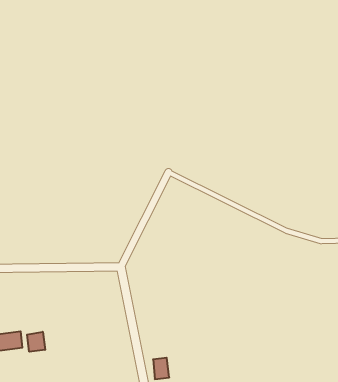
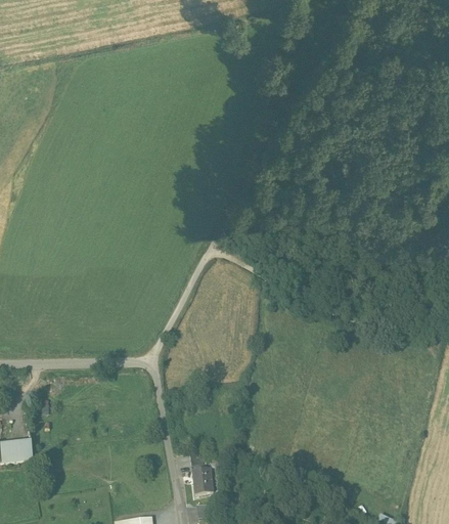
building: [27,332,45,352] -> none

